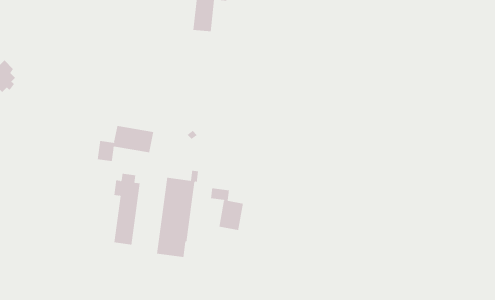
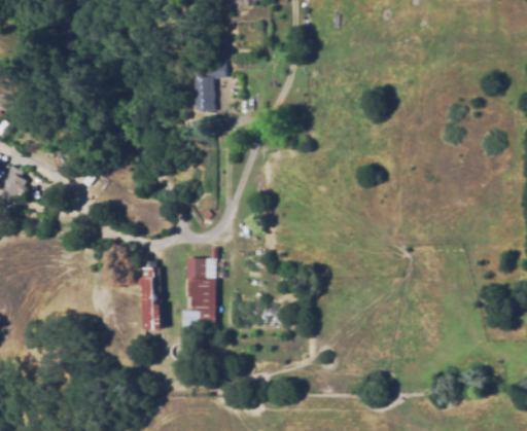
building: [97,125,154,162] -> none
building: [210,188,243,231] -> none

